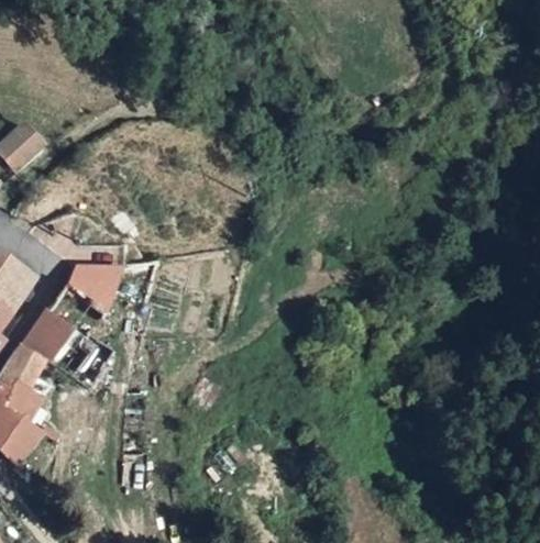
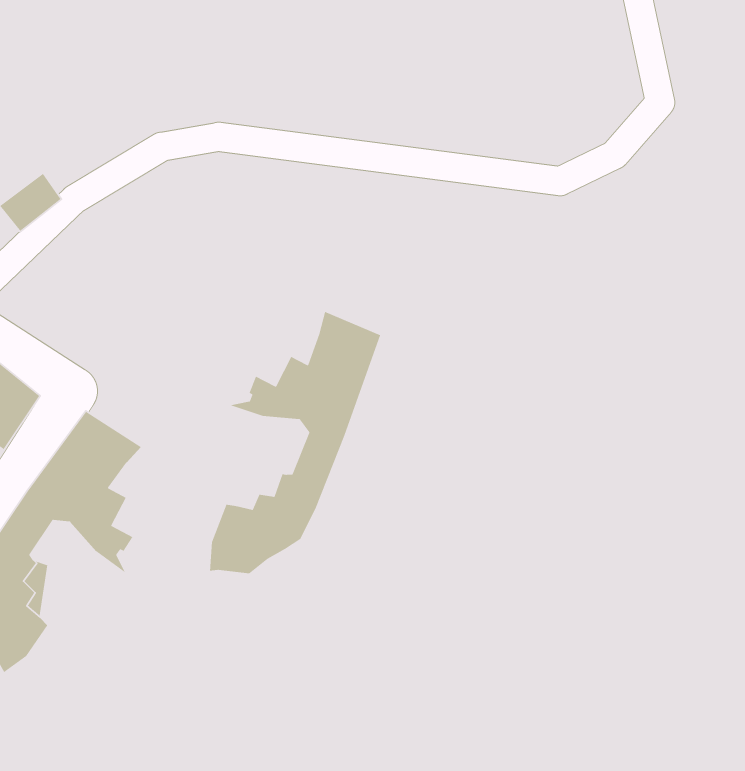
building: none -> [209,311,381,574]
building: [63,265,117,310] -> none

